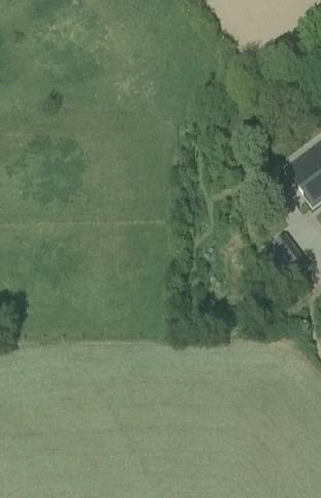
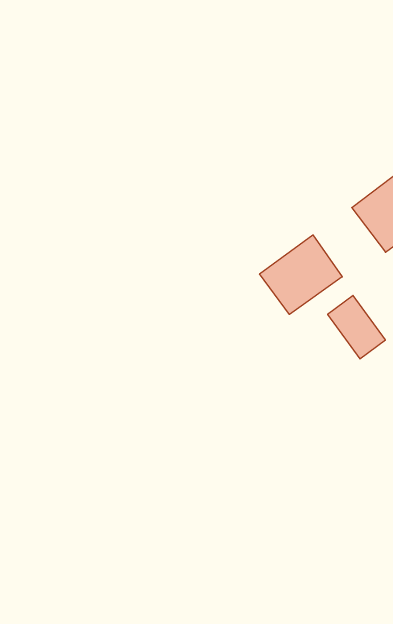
building: none -> [260,235,342,314]

